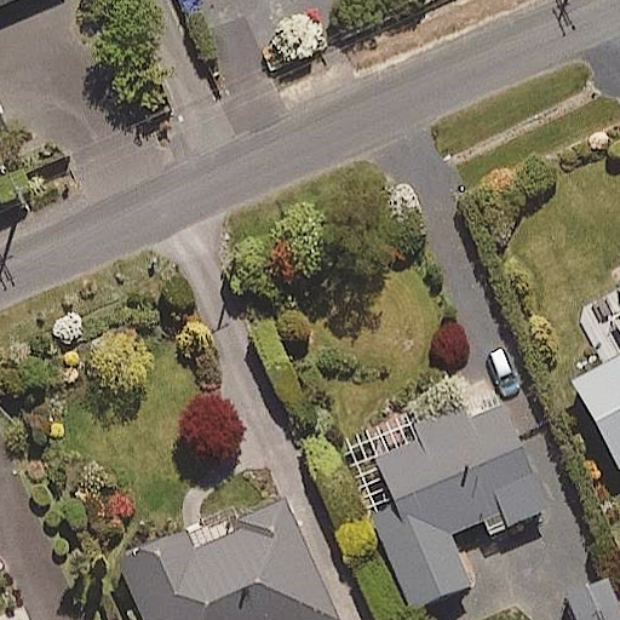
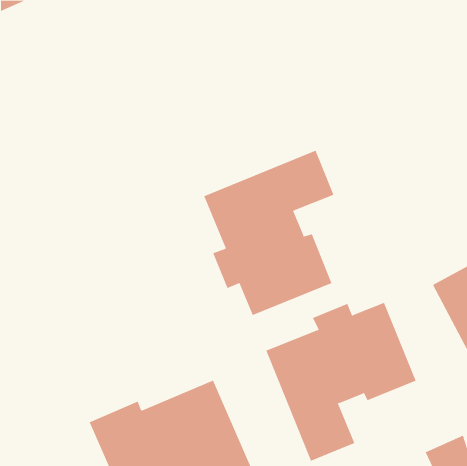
building: none -> [204,150,334,316]

